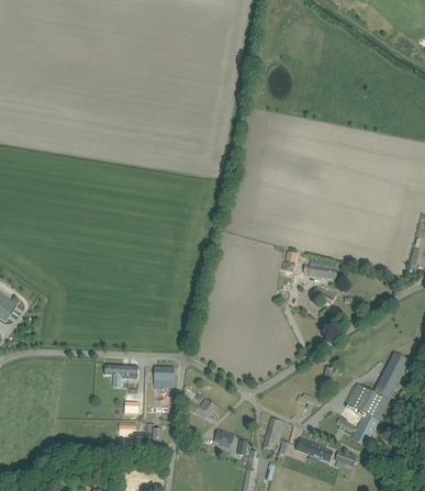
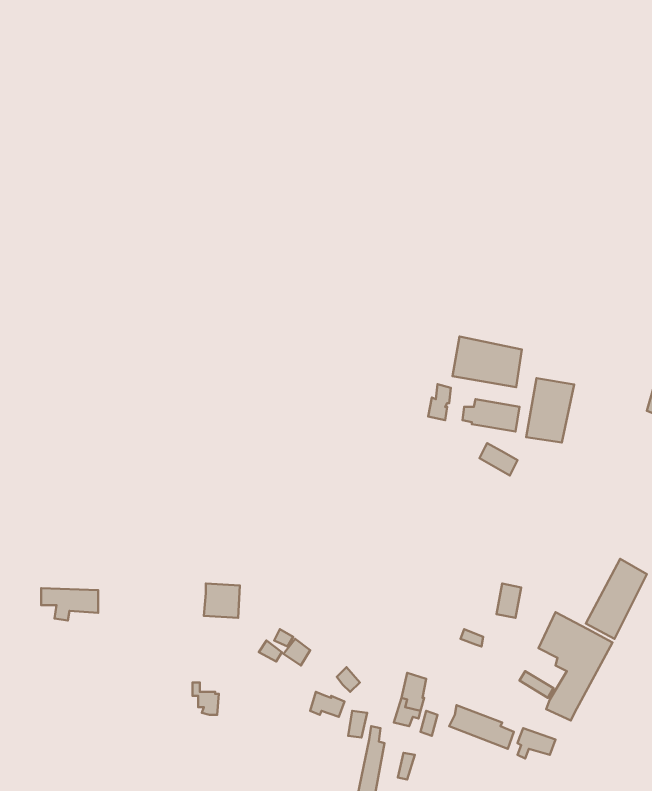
building: none -> [453,336,522,387]
building: none -> [526,378,574,442]
building: [104,365,137,383] -> [41,588,98,620]

